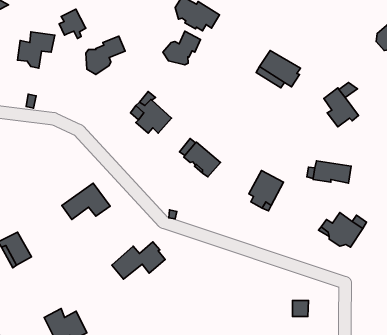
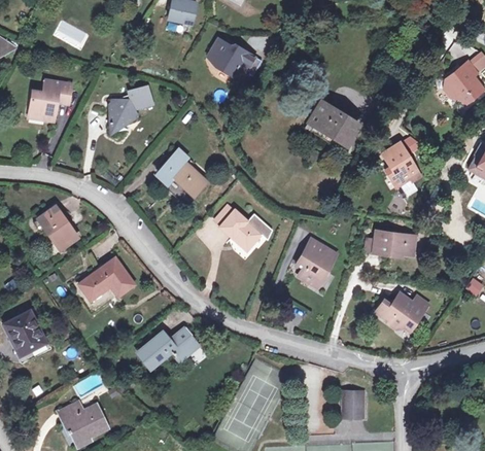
building: [59,9,86,38] -> none
building: [163,31,200,65] -> none
building: none -> [38,206,78,250]

